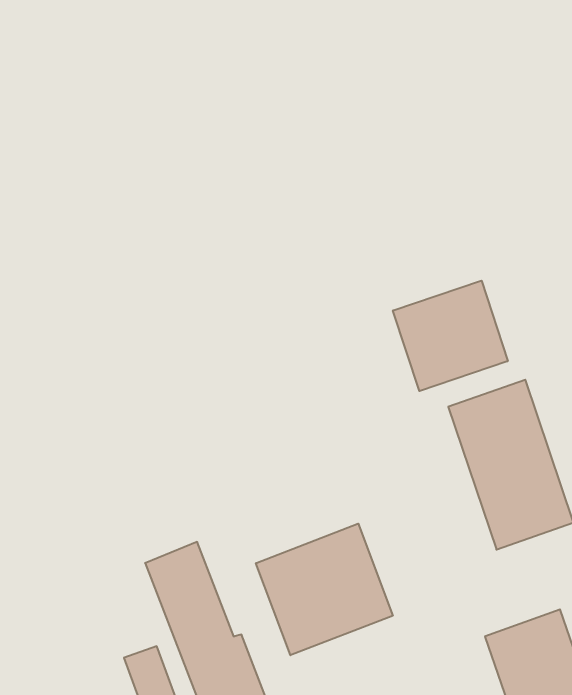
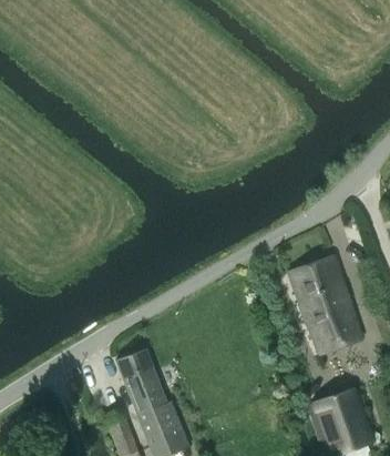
building: [393,281,508,391] -> none
building: [256,524,393,655] -> none

